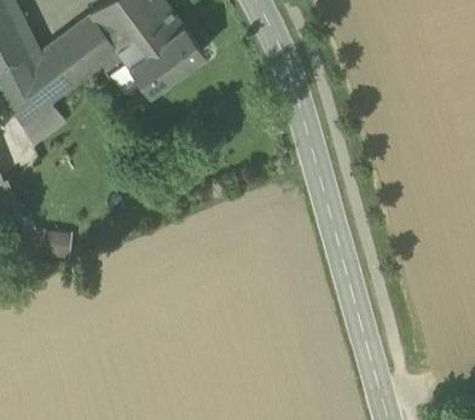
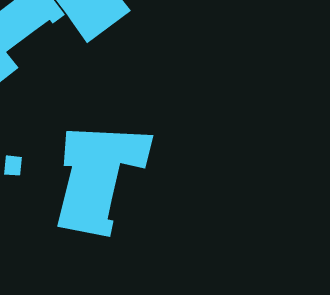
building: none -> [56,130,155,238]

